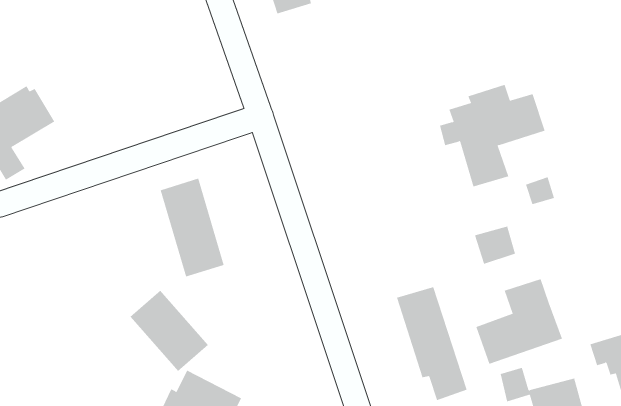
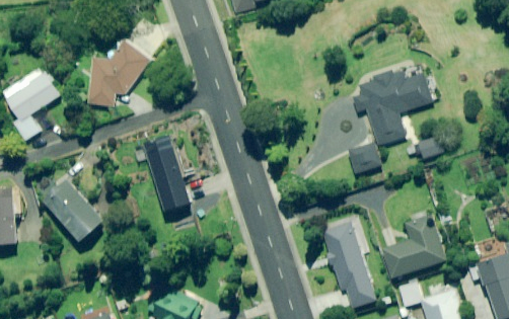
building: none -> [88,42,152,106]
building: [474,226,516,265] -> [350,144,381,173]
building: [130,290,209,372] -> [45,180,104,242]

